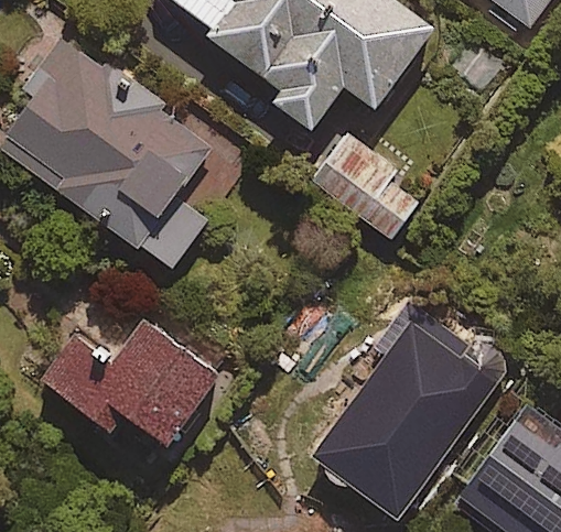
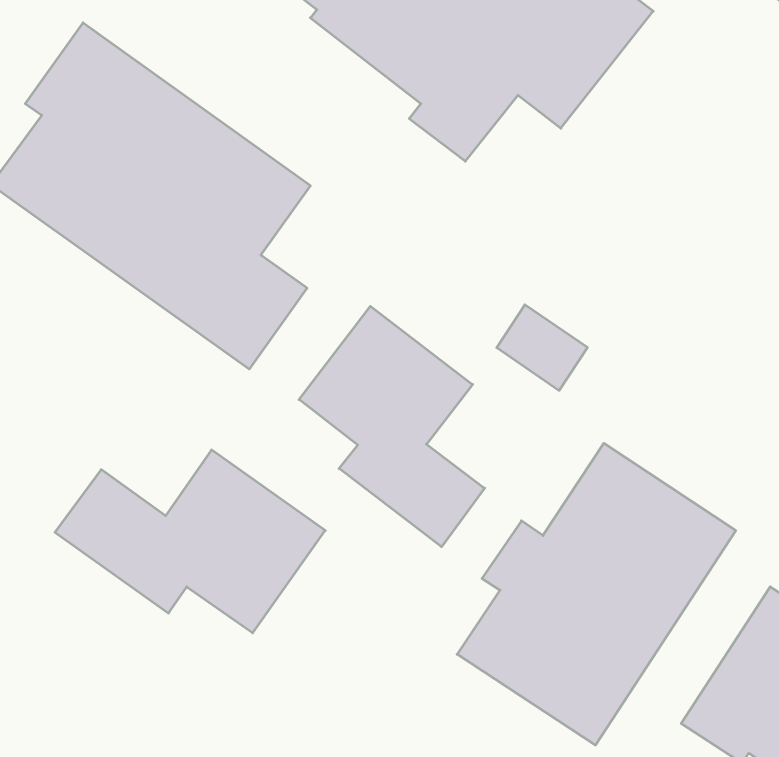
building: [310,133,418,239] -> none
building: none -> [299,306,485,547]

